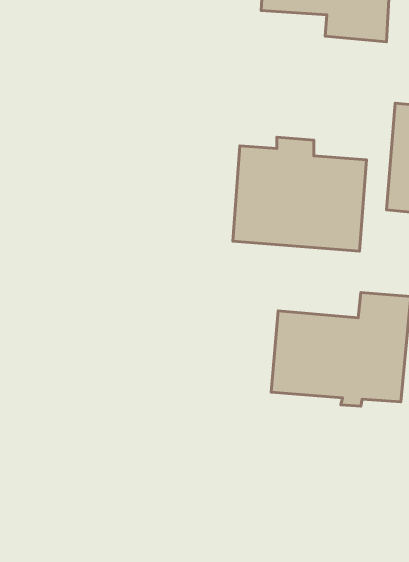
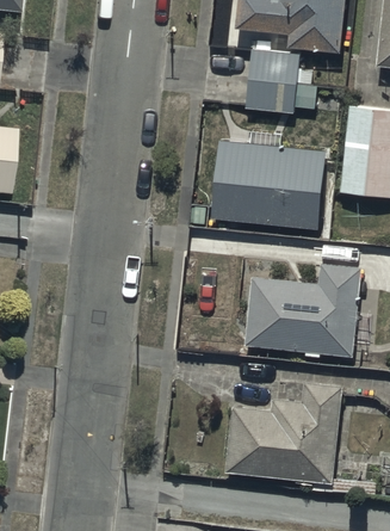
building: none -> [244,49,316,116]
building: none -> [224,381,342,482]

